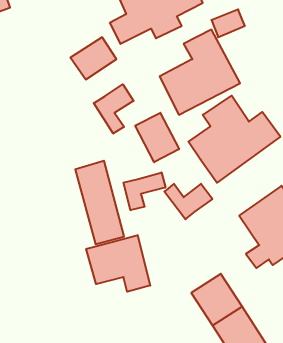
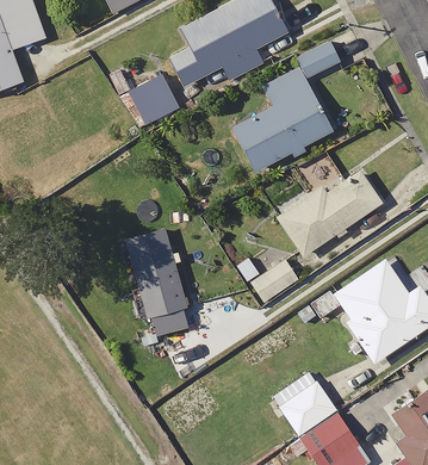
building: [94,84,134,134] -> none
building: [135,113,179,162] -> none
building: [124,172,165,210] -> none
building: [86,235,150,292] -> none

